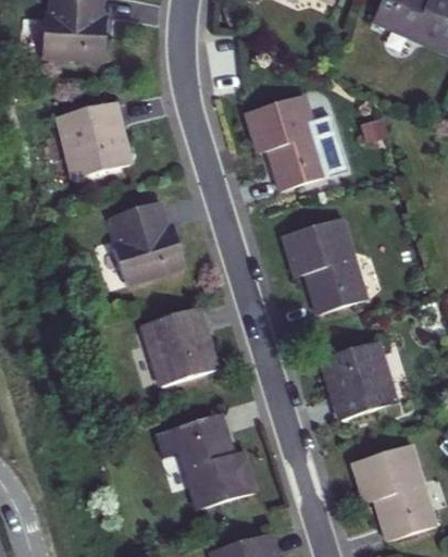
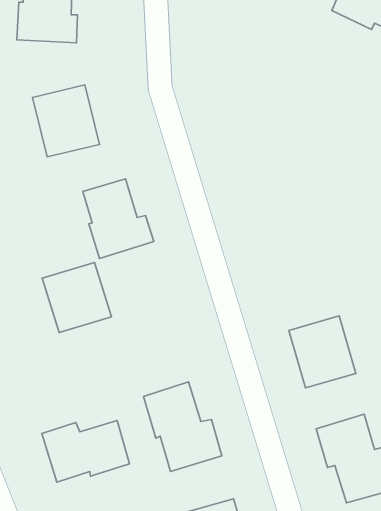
building: [246,96,331,189] -> none
building: [285,219,368,313] -> none
building: [146,310,217,383] -> [42,263,111,333]
building: none -> [42,421,130,482]

